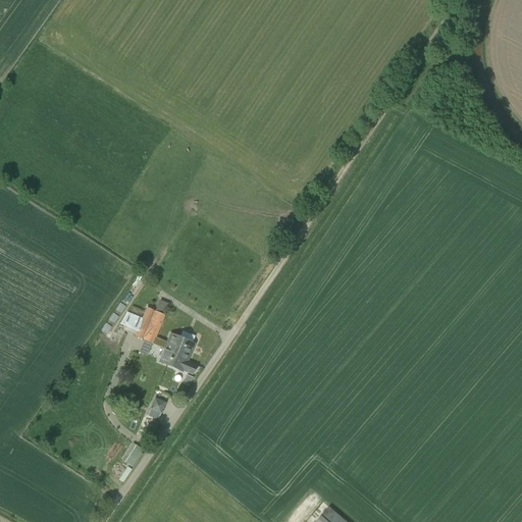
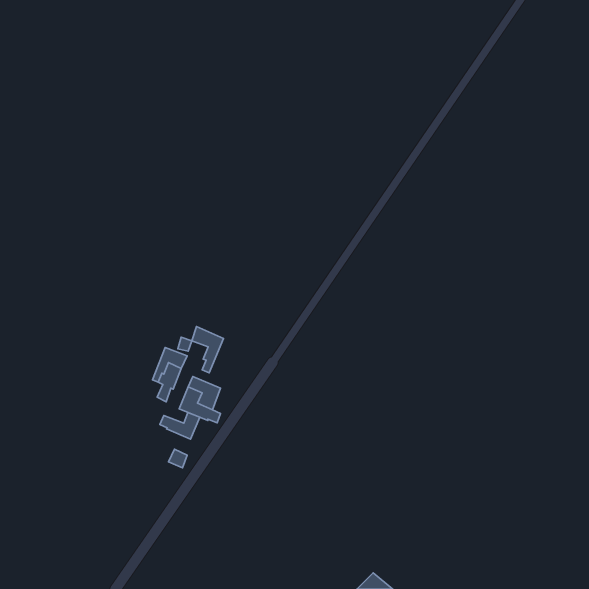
building: none -> [192,327,224,373]
building: none -> [160,412,200,439]

